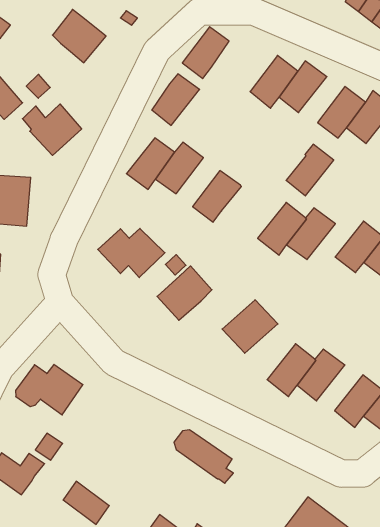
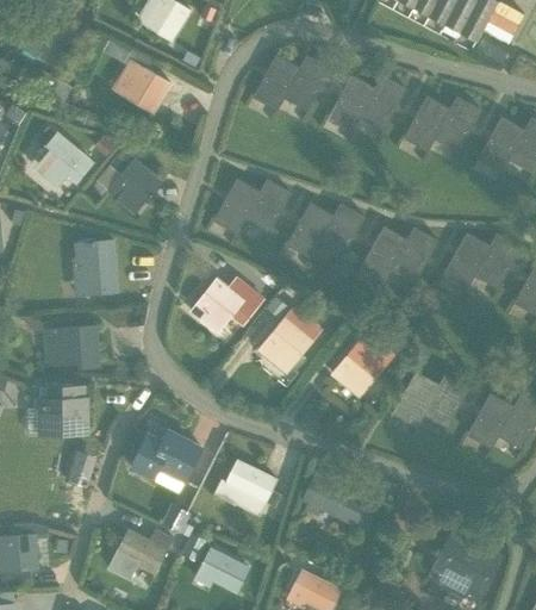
building: [152,74,200,125] -> [285,56,331,111]
building: [286,144,334,196] -> [318,204,364,259]
building: none -> [214,460,280,515]

